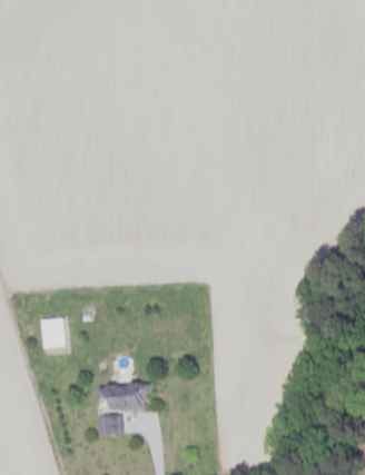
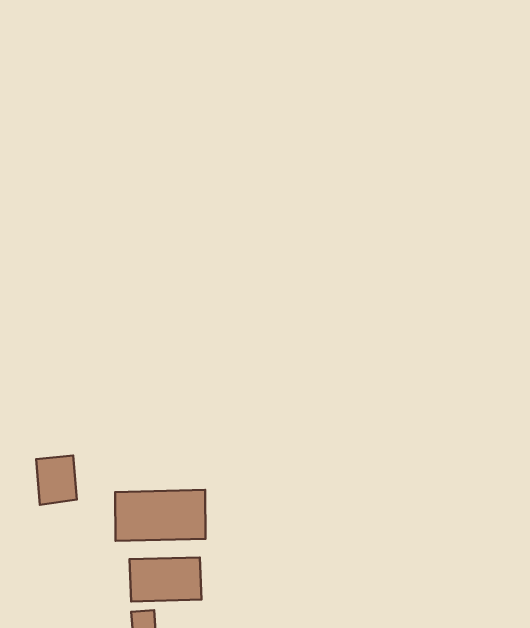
building: none -> [115,490,206,541]

